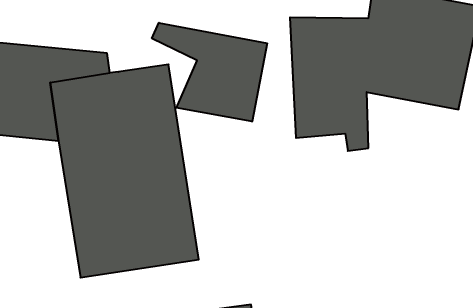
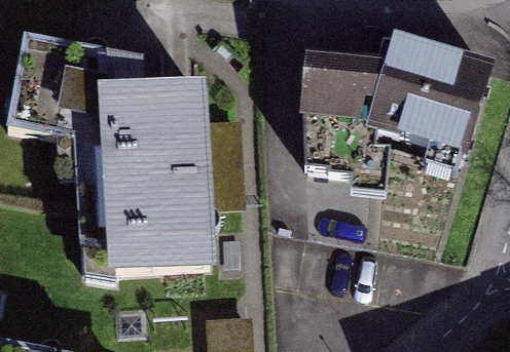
building: [152,23,267,122] -> none

